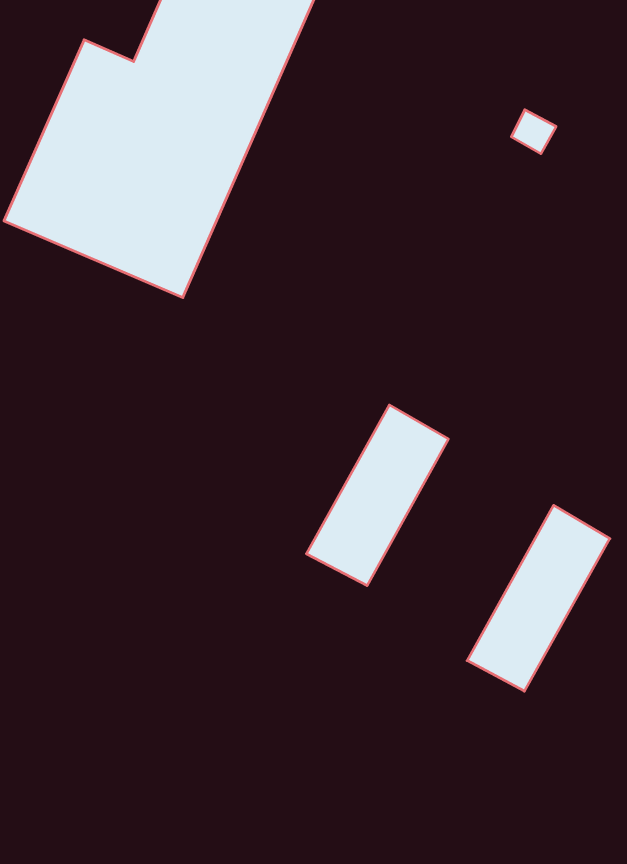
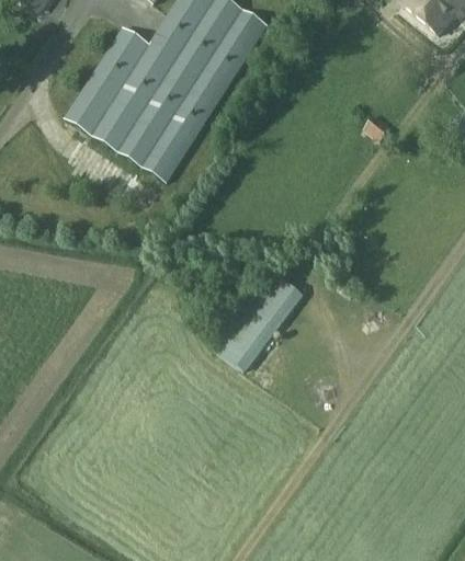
building: [467,505,610,691] -> none

